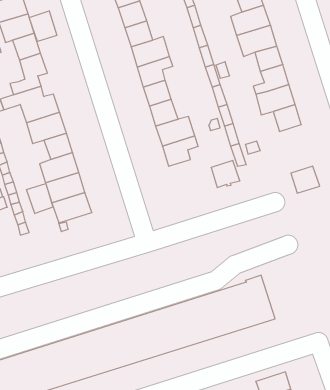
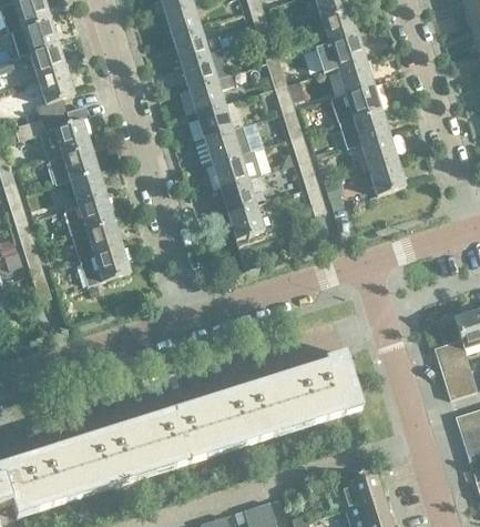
building: [29,11,57,41] -> none
building: [211,161,240,188] -> [227,203,264,237]
building: [291,166,320,193] -> [368,159,405,193]
building: [27,183,53,214] -> none

